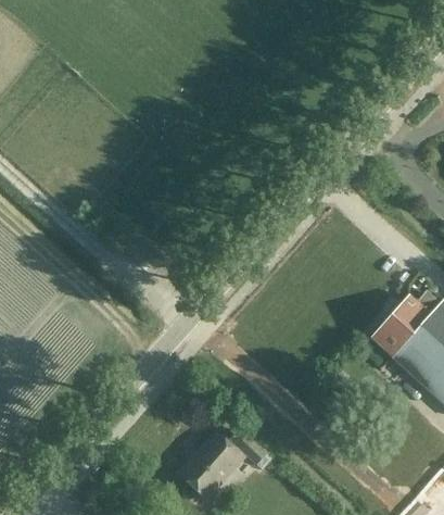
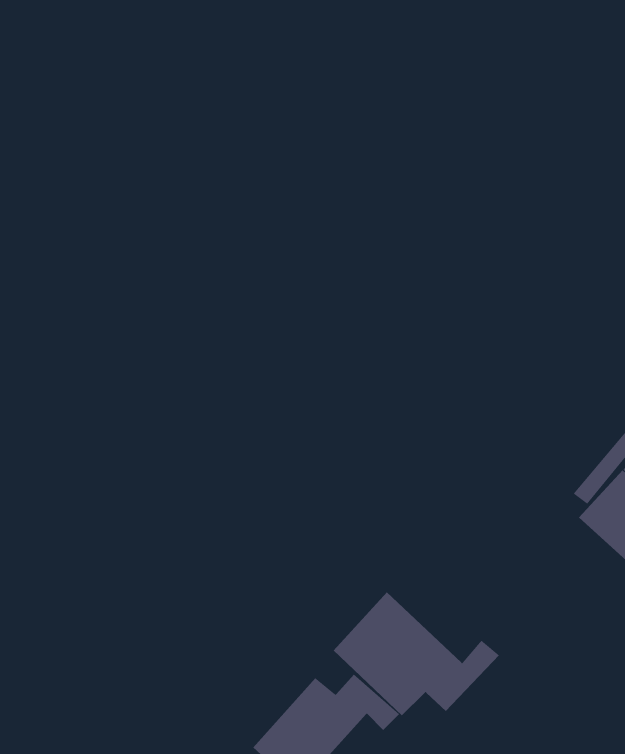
building: none -> [333,592,500,716]

